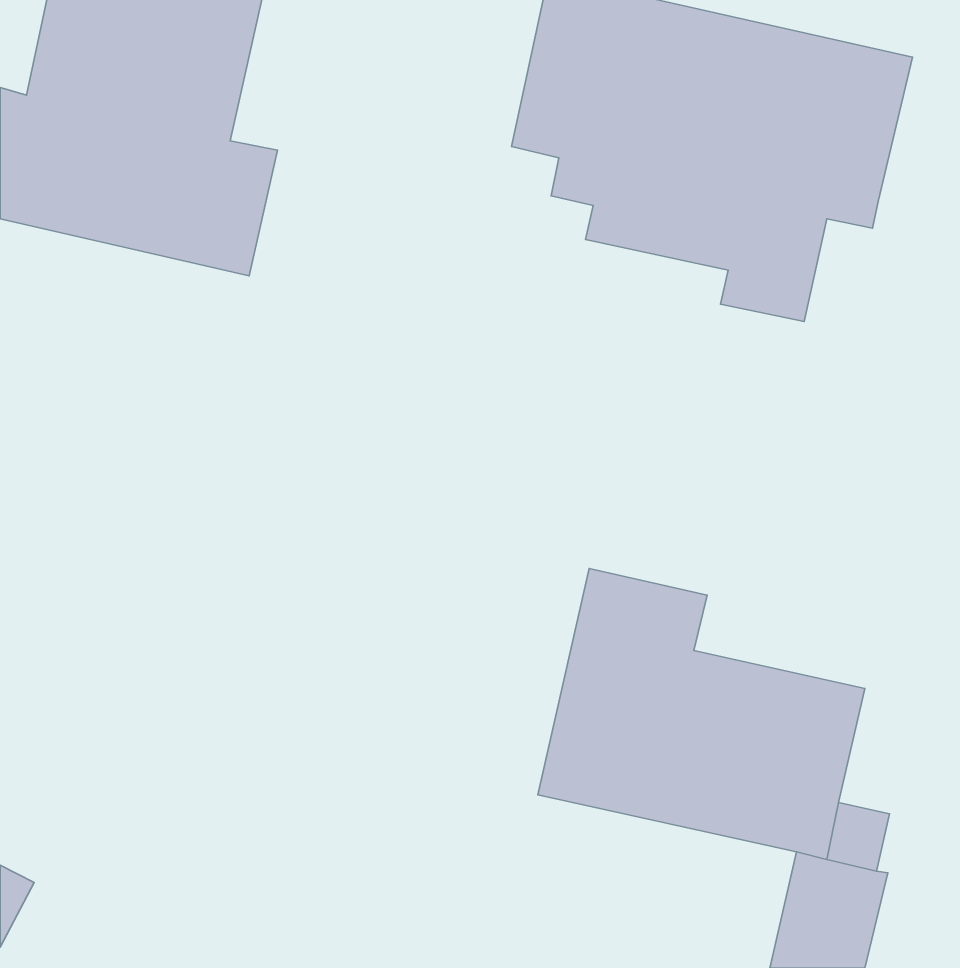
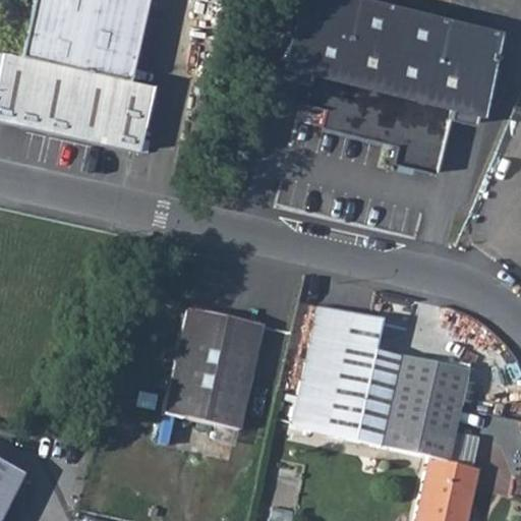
building: none -> [167,306,265,427]

